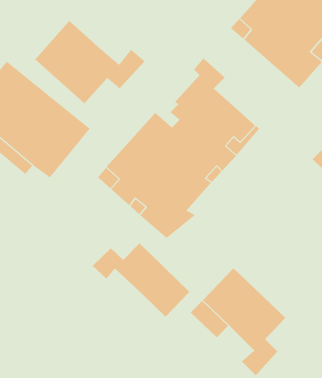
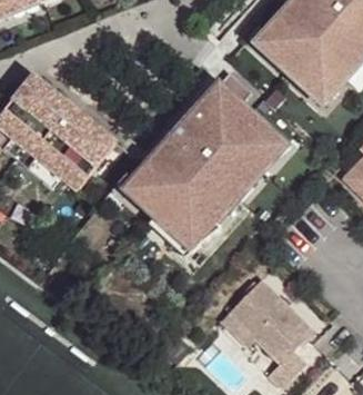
building: [34,20,146,104] -> none
building: [92,243,190,317] -> none

